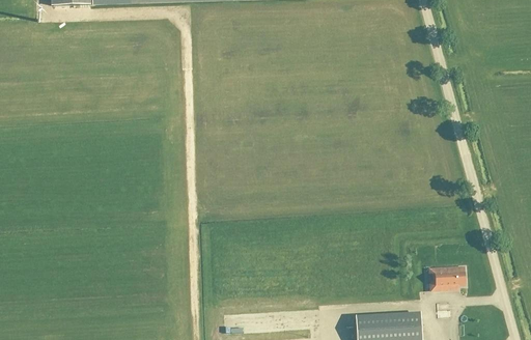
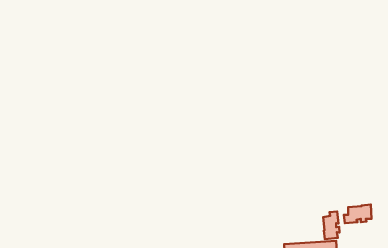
building: none -> [323,211,339,239]

